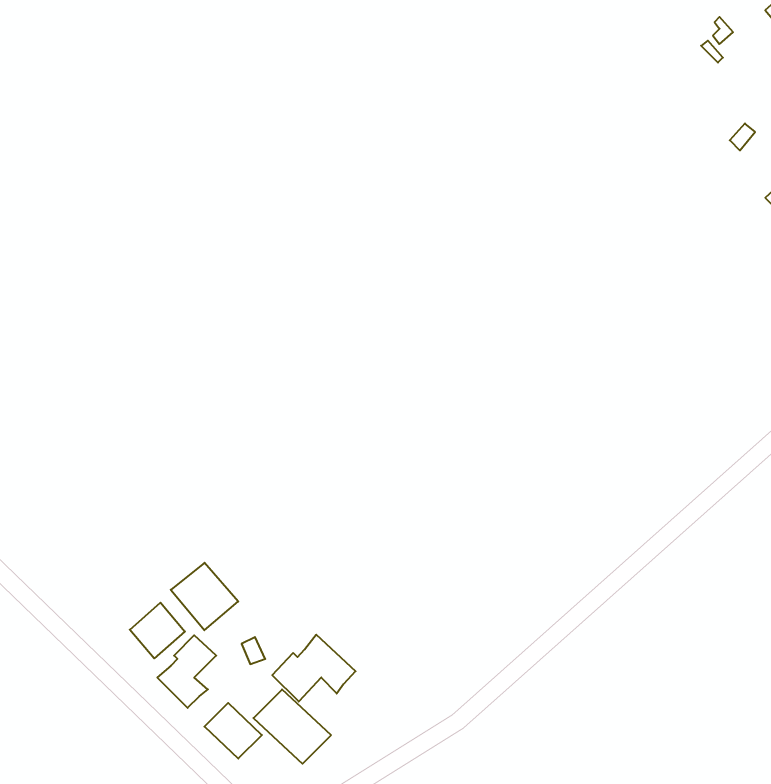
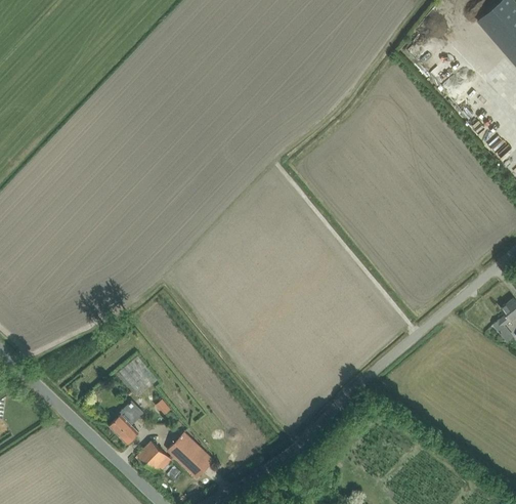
building: [130,603,185,658] -> none
building: [272,635,356,702] -> none

